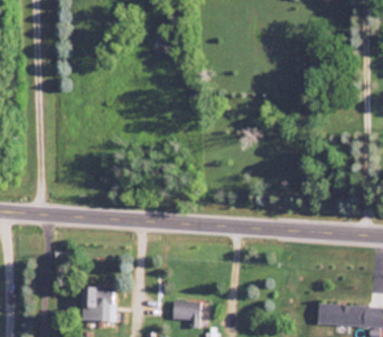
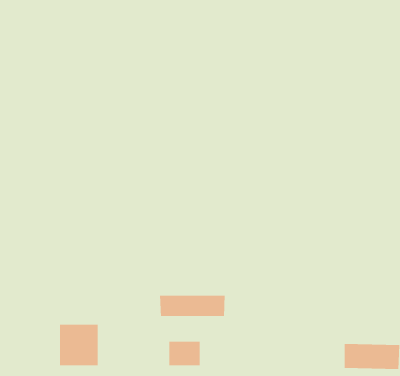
building: none -> [160,295,225,317]

